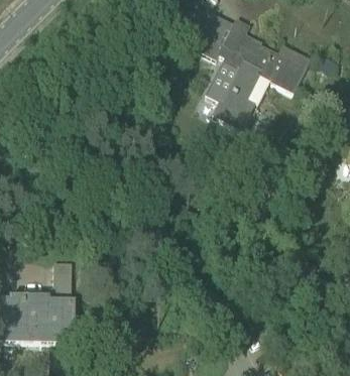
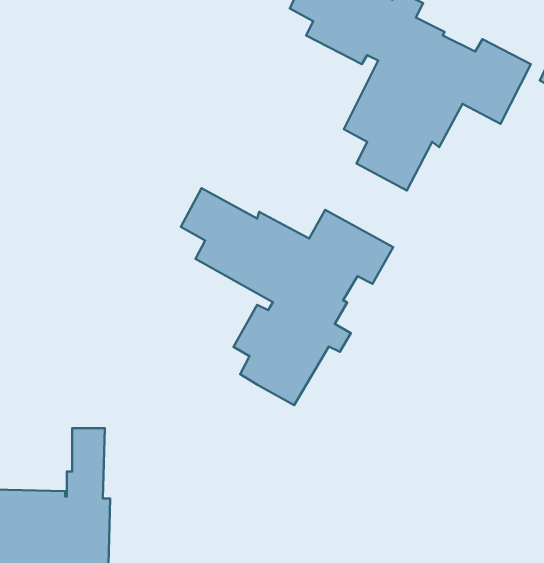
building: none -> [181,188,393,405]

